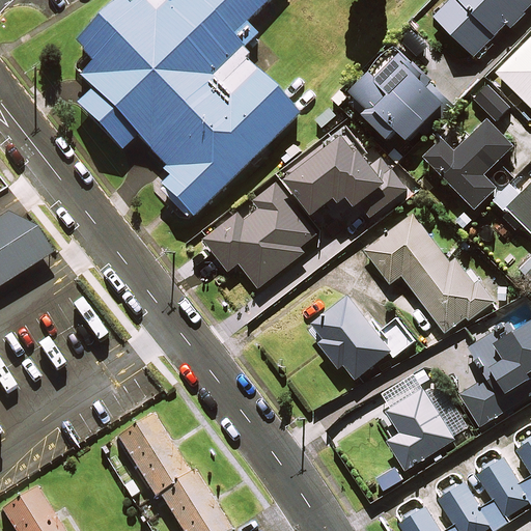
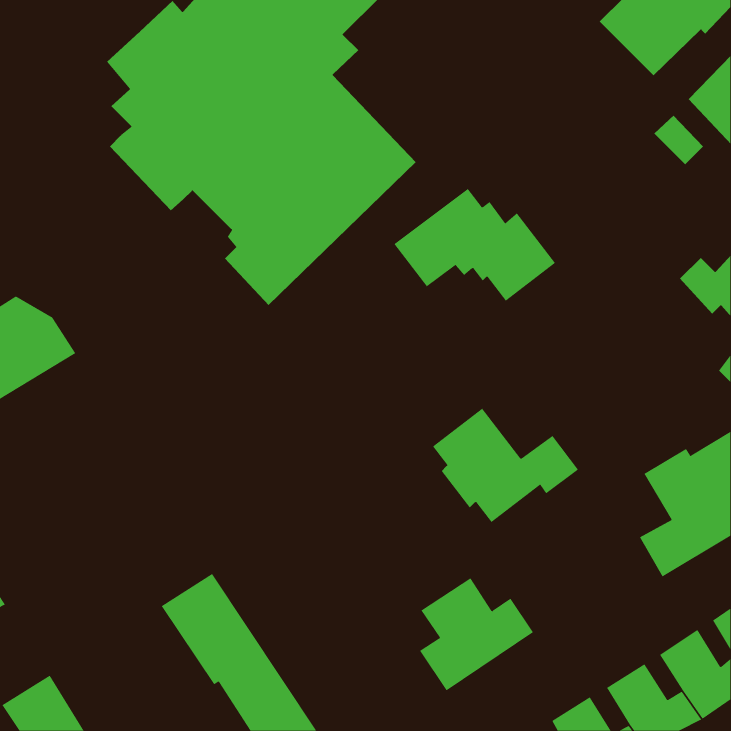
building: [350,47,451,142] -> none
building: [423,119,512,207] -> none
building: [202,181,313,286] -> none
building: [364,213,498,330] -> none
building: [386,387,469,469] -> [419,578,534,691]

